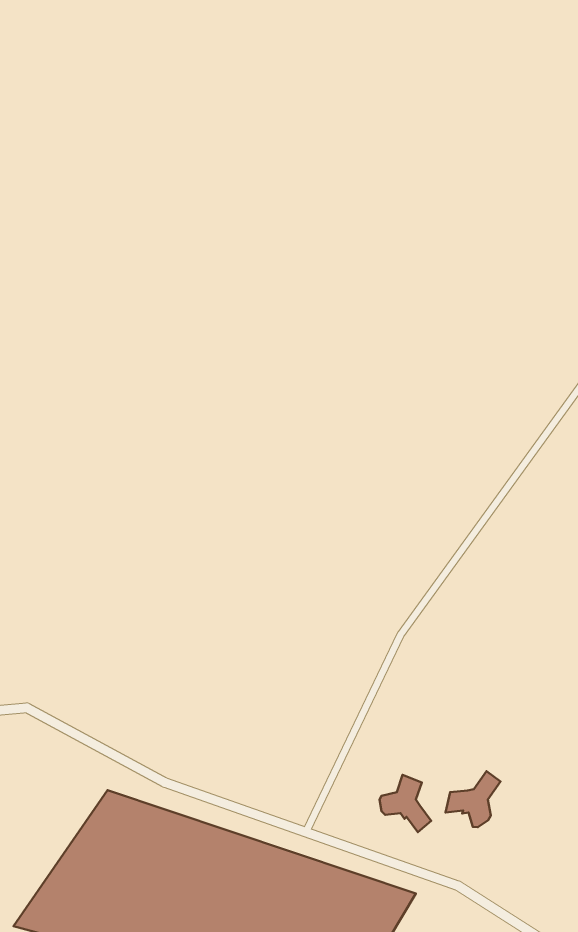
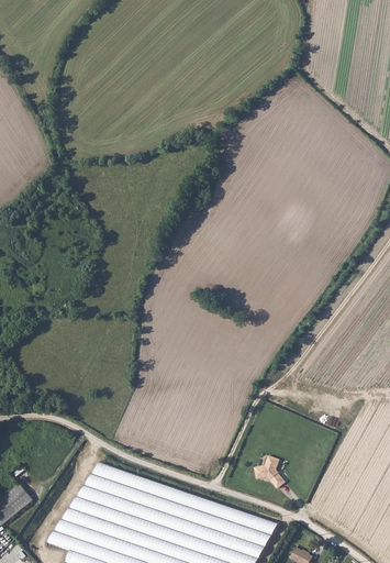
building: [446,771,500,827] -> none

